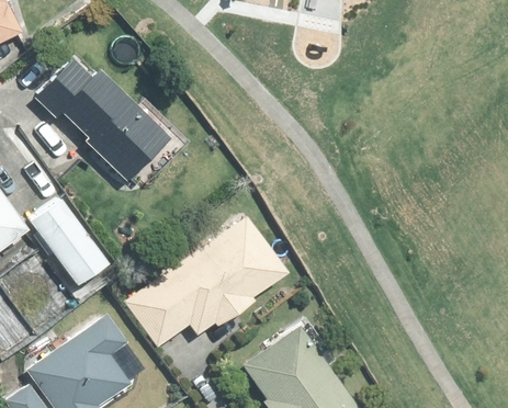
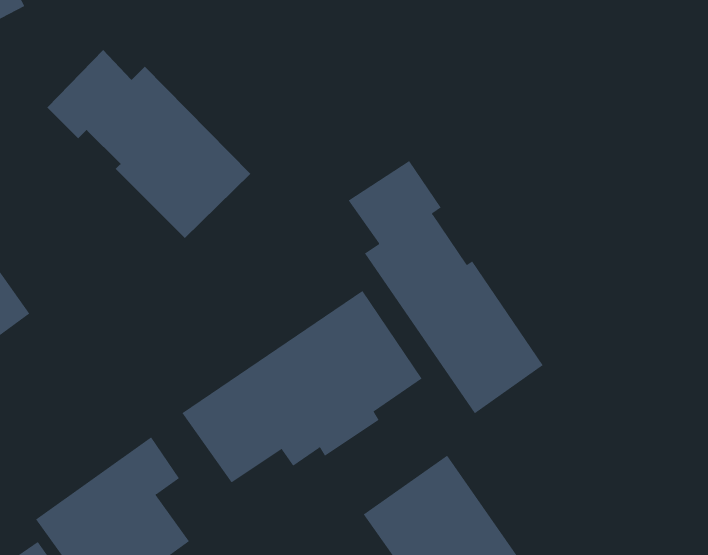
building: none -> [348,160,544,414]
building: [32,202,110,287] -> none

